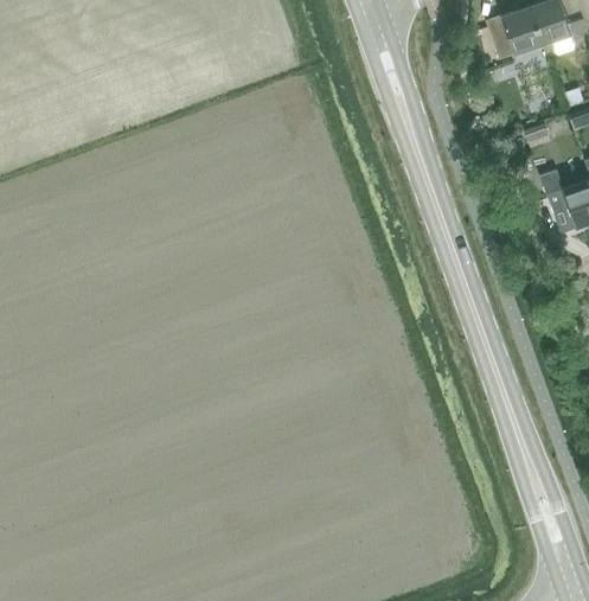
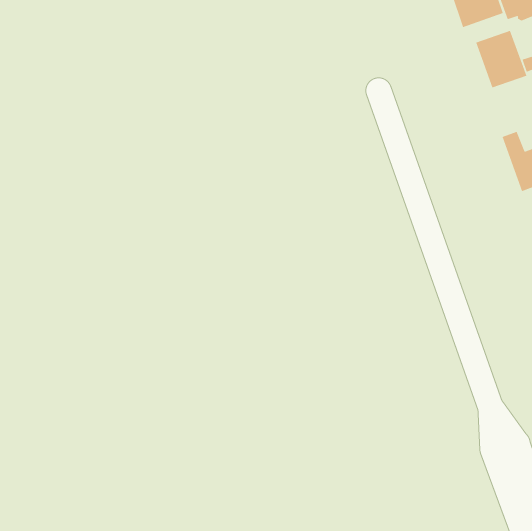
building: none -> [475,30,527,89]

